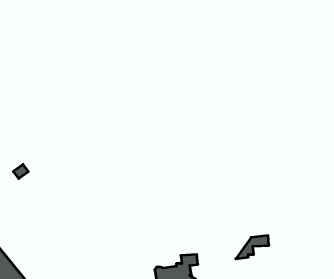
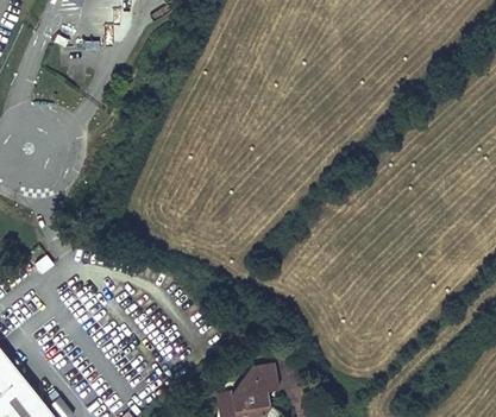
building: [236,236,269,259] -> [233,364,277,394]

